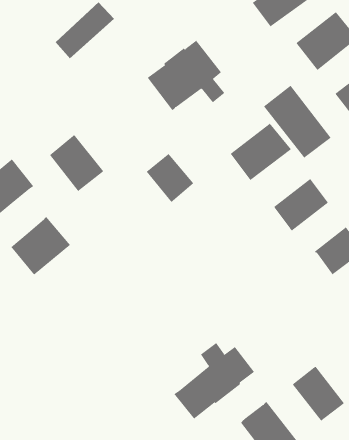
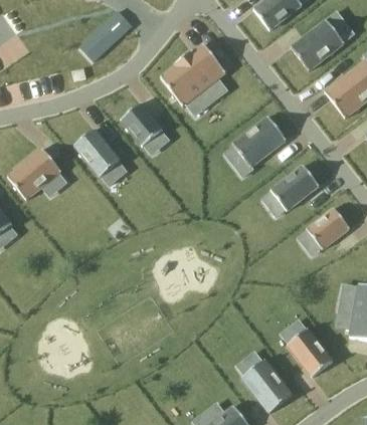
building: [263,85,331,159] -> none
building: [146,153,194,203] -> [122,101,164,145]
building: [11,216,71,275] -> none
building: [173,342,255,420] -> none

